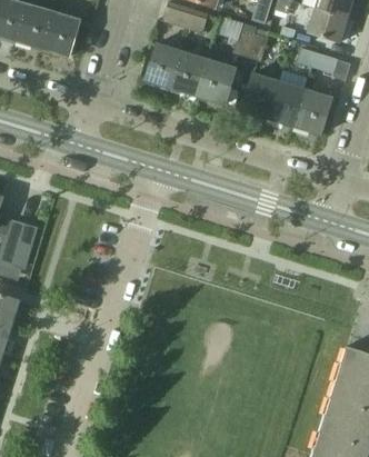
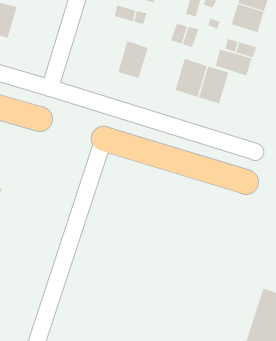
building: [42,11,80,57] -> none
building: [144,43,183,89] -> none
building: [198,60,236,105] -> none
building: [293,89,332,135] -> none

